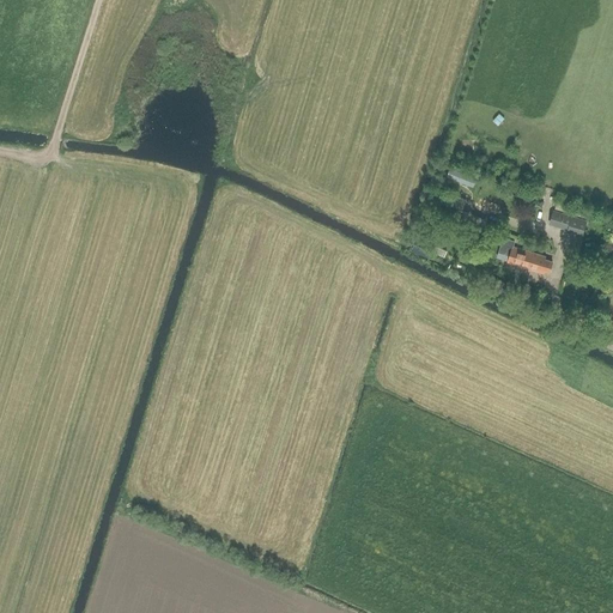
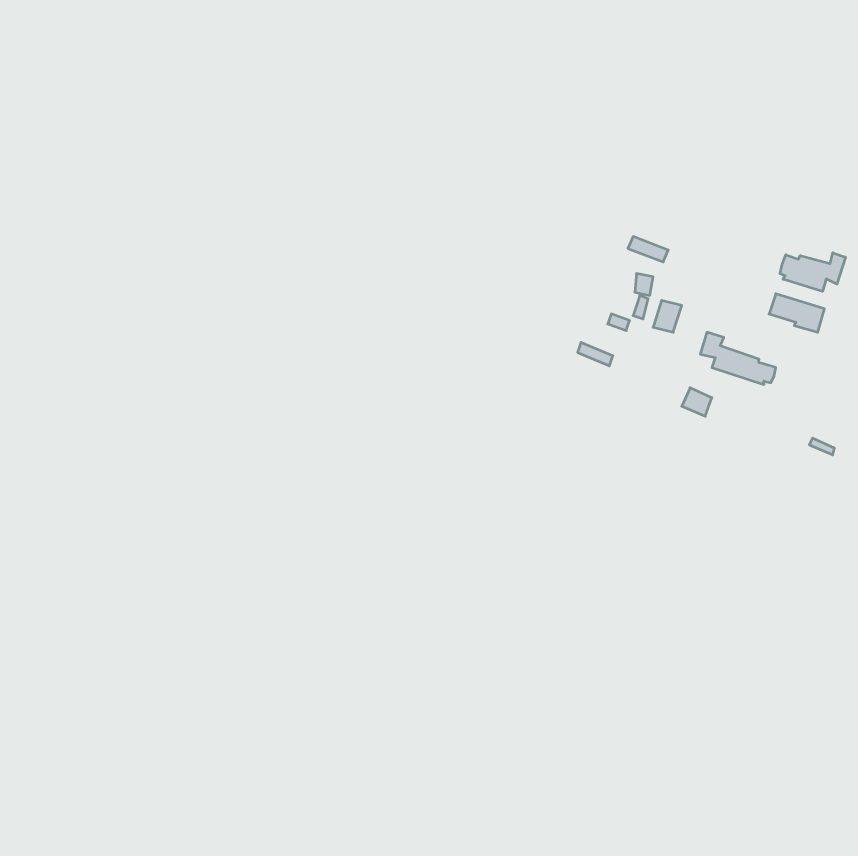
building: none -> [780,253,845,291]

